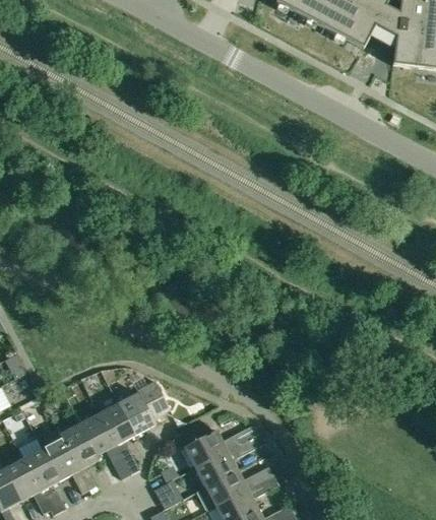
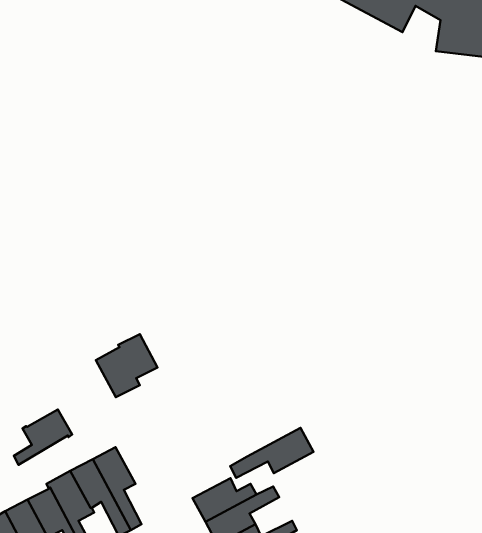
building: none -> [14,409,72,465]
building: [117,381,170,435] -> [96,334,157,397]
building: none -> [230,428,314,478]

